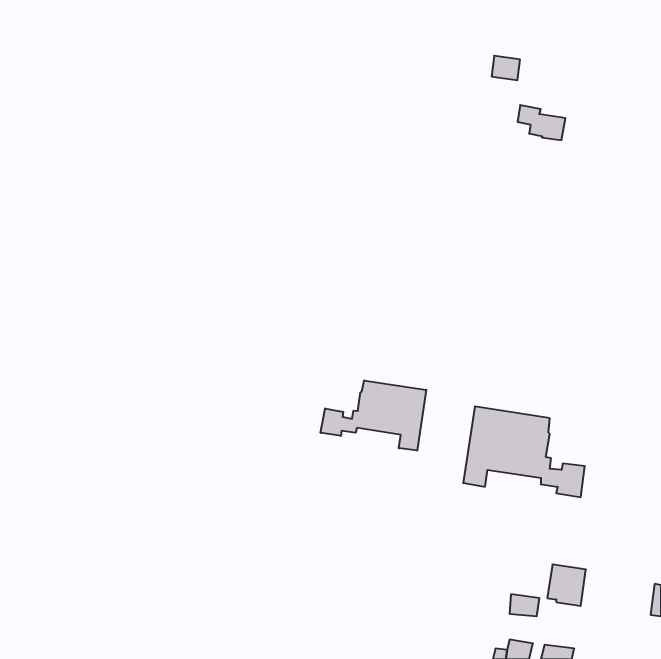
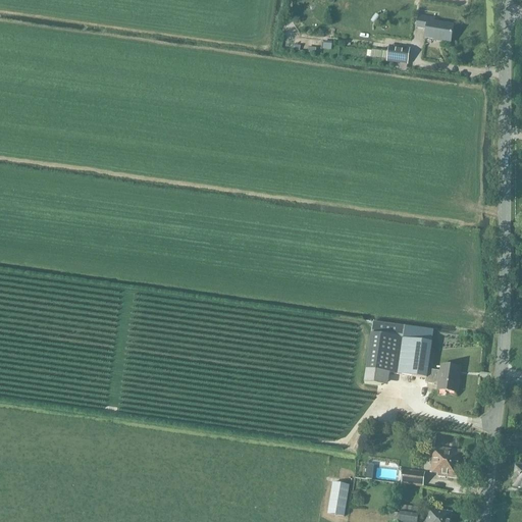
building: [518,105,565,140] -> [416,13,454,41]
building: [321,380,426,451] -> none
building: none -> [328,482,349,515]

